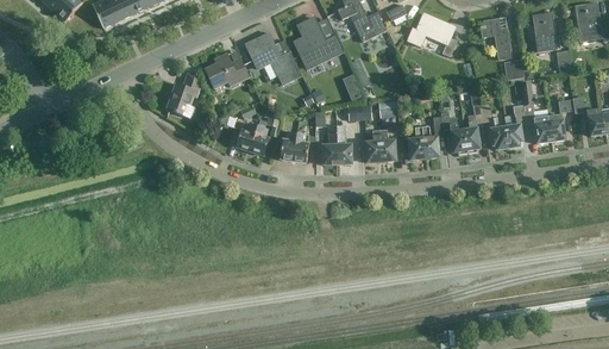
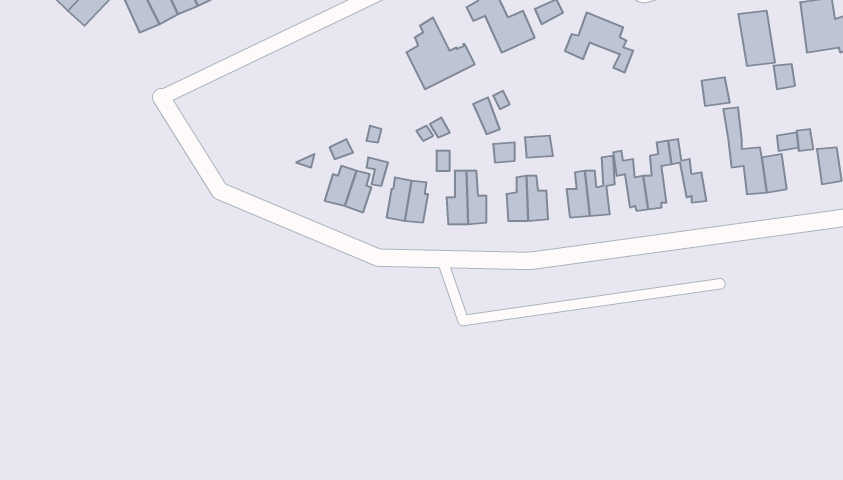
building: [479,18,510,60] -> none
building: [246,33,303,86] -> none
building: [205,54,250,88] -> none
building: [167,70,200,117] -> none
building: [504,104,526,148] -> none

